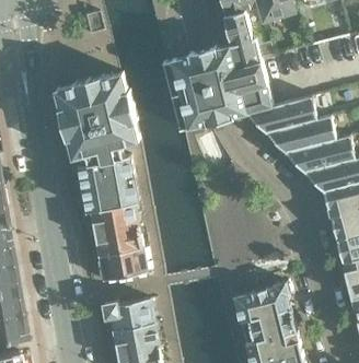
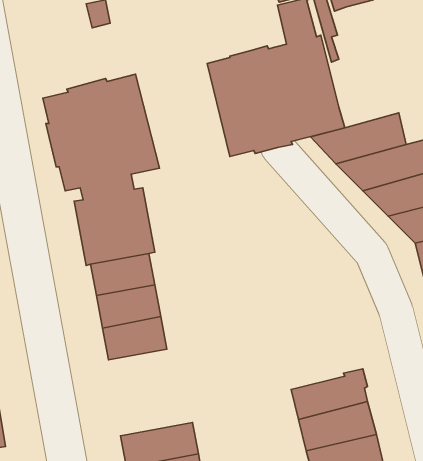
building: [106,300,163,332] -> none

